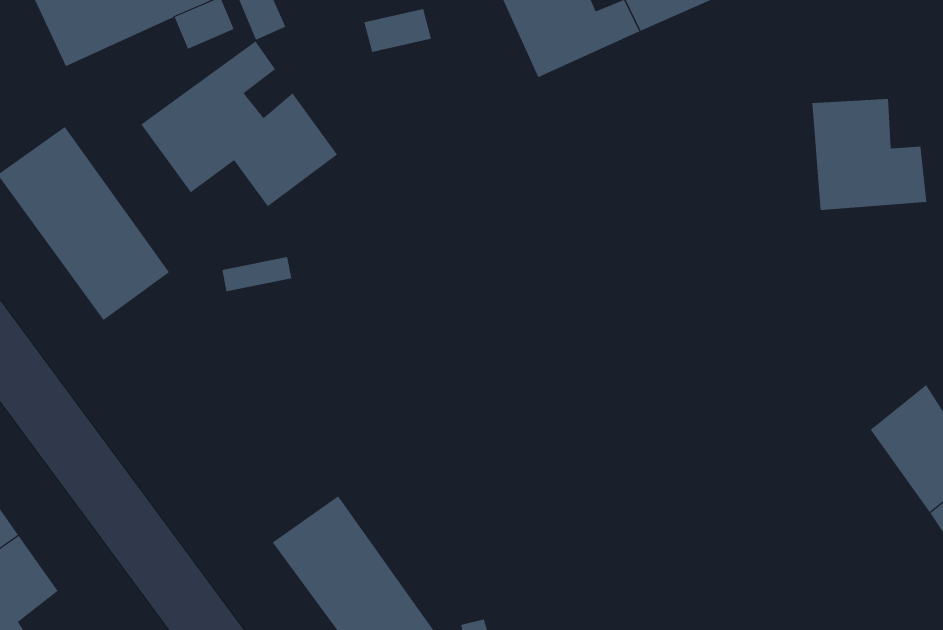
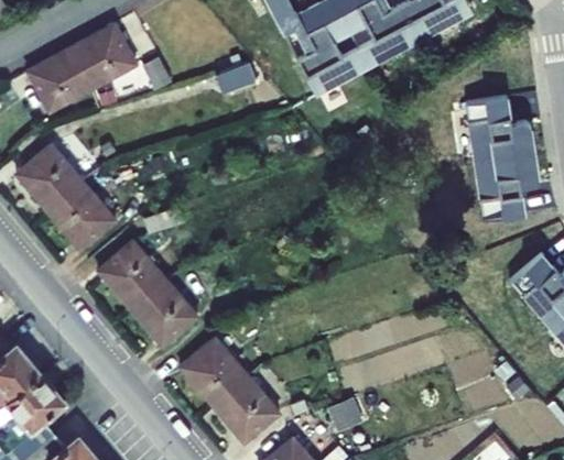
building: [140,40,338,207] -> none
building: none -> [475,152,538,218]
building: none -> [99,243,196,344]

